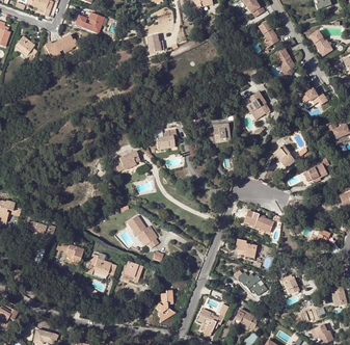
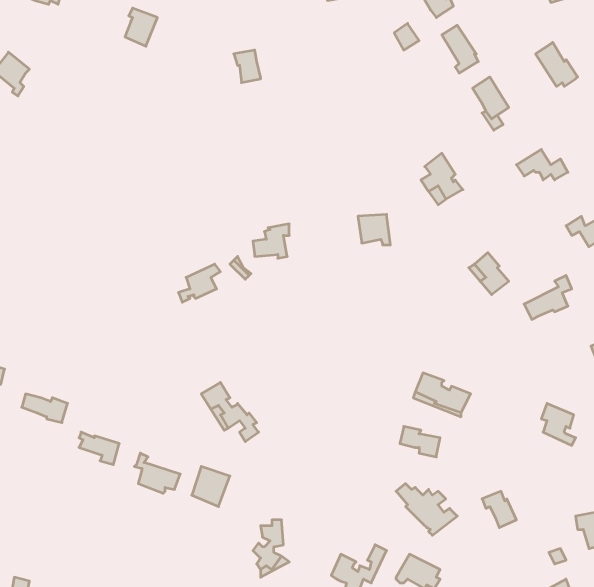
building: [44,33,77,59] -> none

